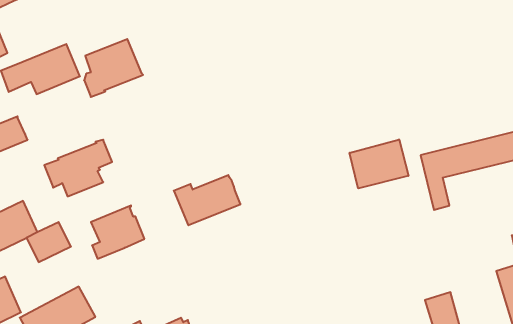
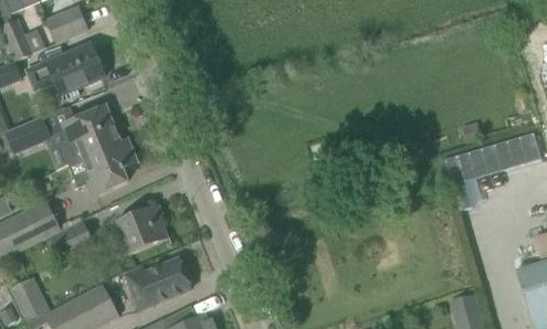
building: none -> [46,7,87,43]
building: [84,39,143,97] -> [62,107,120,164]
building: [350,139,408,188] -> none
building: [174,175,241,225] -> [125,259,191,309]

